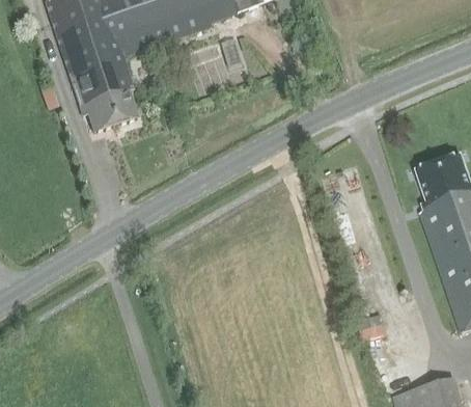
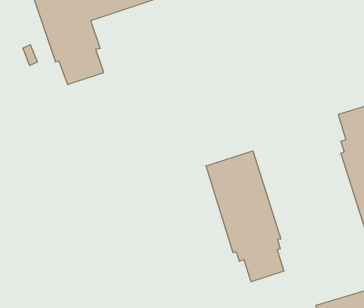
building: none -> [206,151,284,282]

